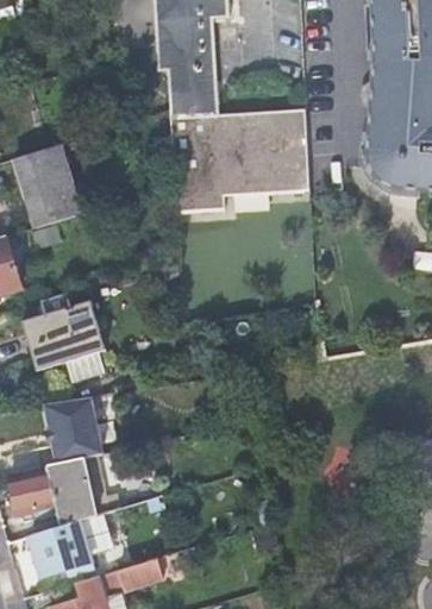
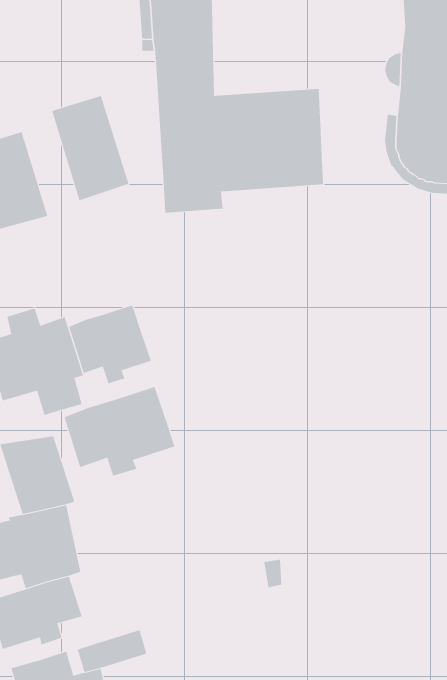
building: none -> [52,95,129,201]
building: none -> [69,304,151,384]
building: none -> [64,386,175,476]

